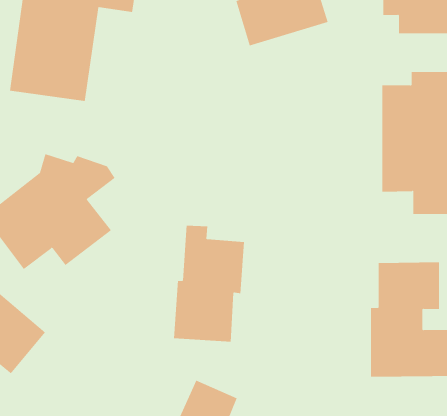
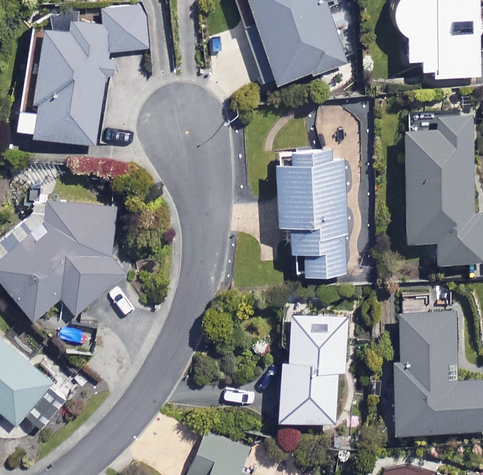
building: none -> [276,161,349,273]
building: [173,225,245,342] -> [276,300,350,421]

